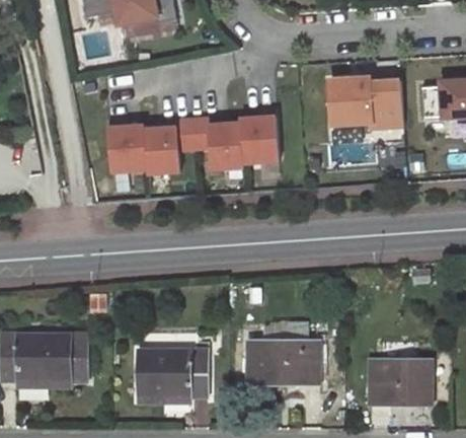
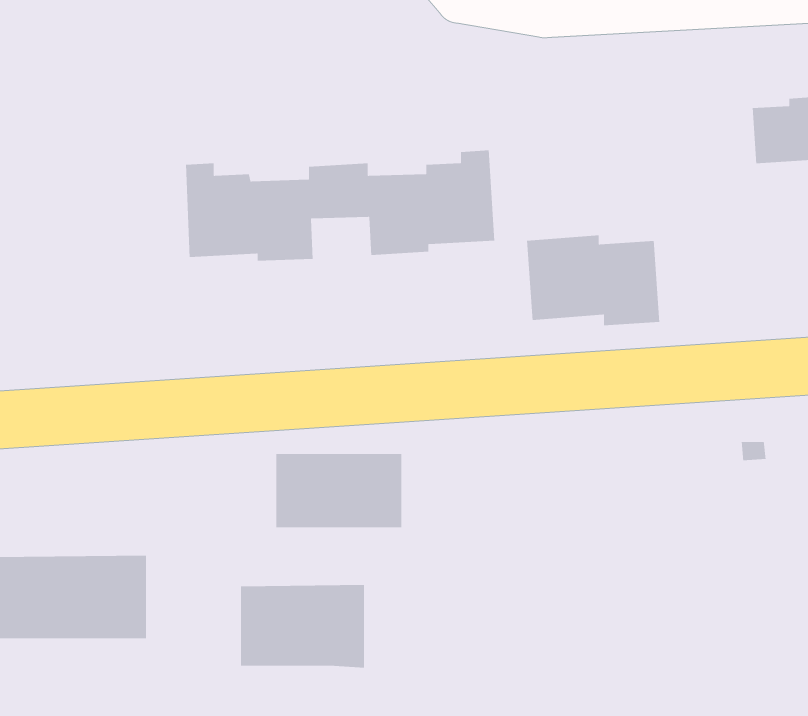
building: [329,78,403,129] -> [526,235,660,326]
building: [248,343,318,384] -> [276,453,402,528]
building: [370,362,431,405] -> none

